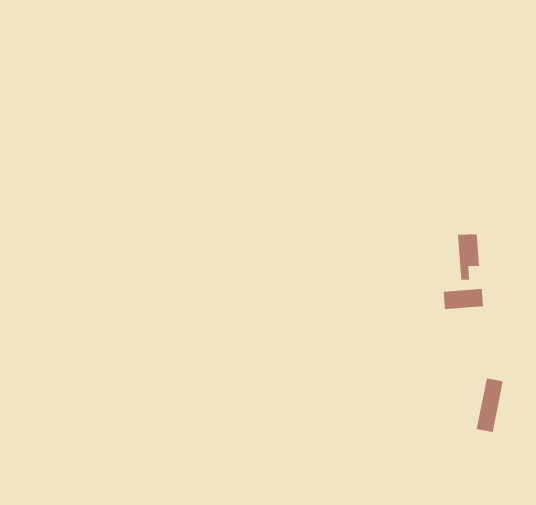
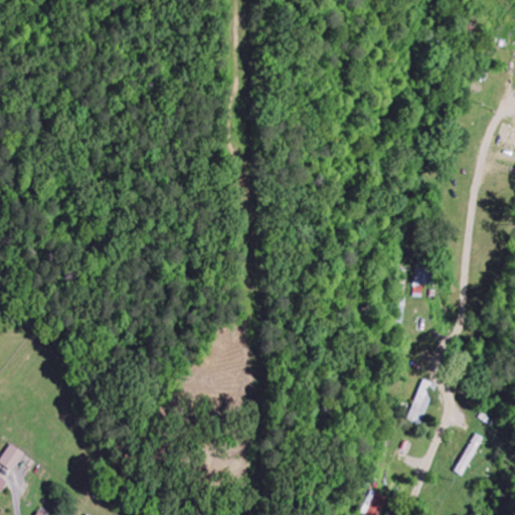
building: [443,288,484,310] -> none

